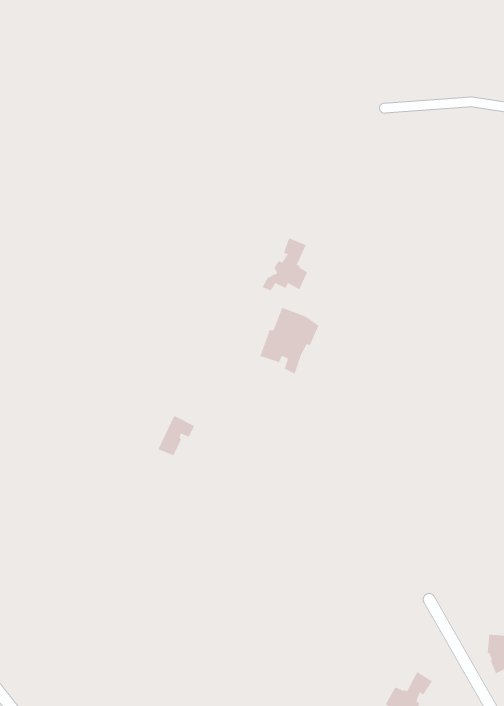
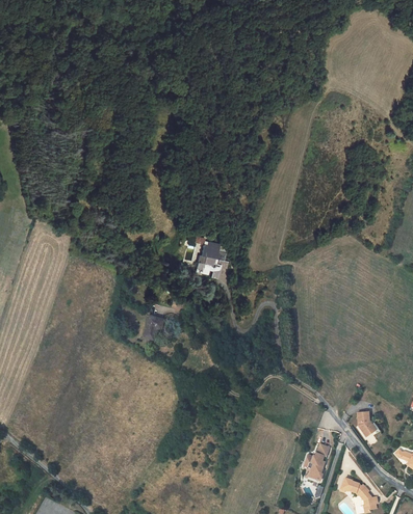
building: [262,238,308,291] -> none

